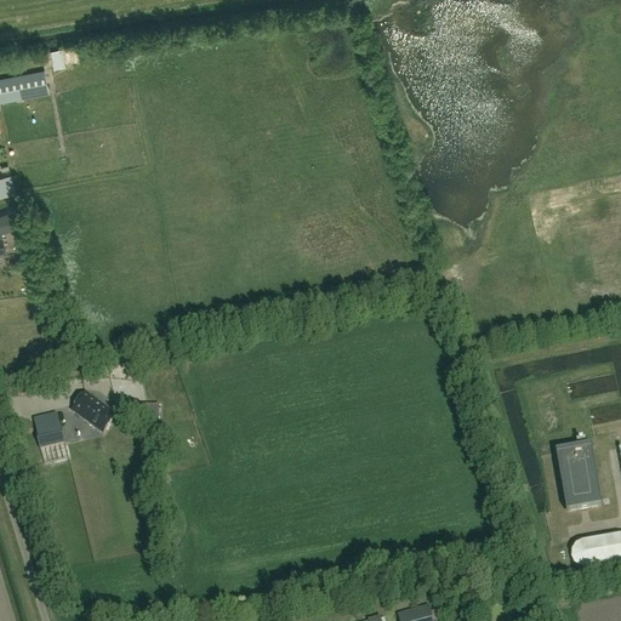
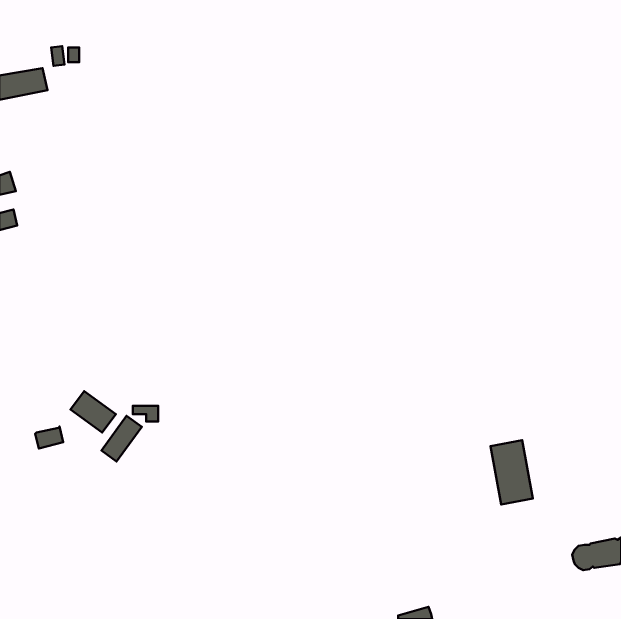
building: none -> [101,416,142,461]
building: [556,445,598,509] -> [490,440,533,505]

